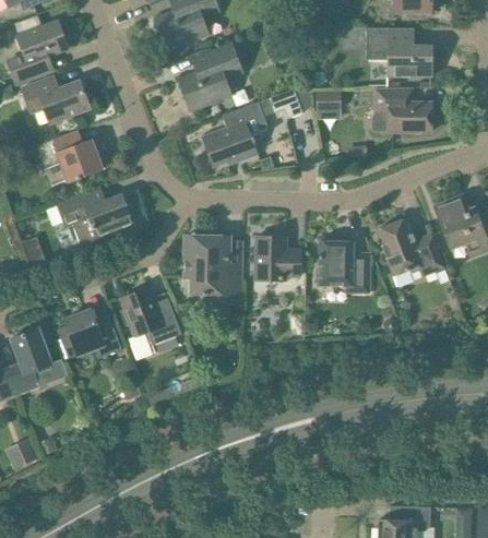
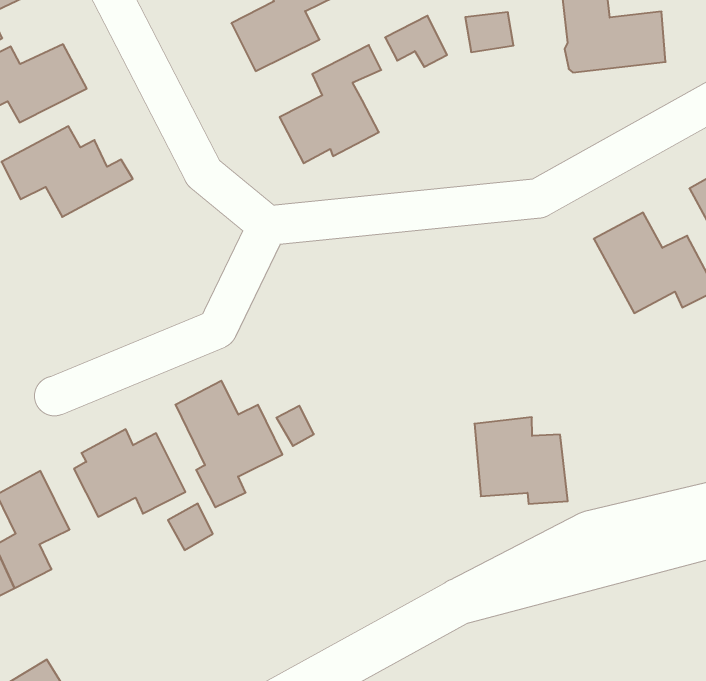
building: [57,190,133,246] -> none
building: [185,235,237,301] -> none
building: [255,236,299,279] -> none
building: [319,241,369,292] -> [474,417,568,504]

